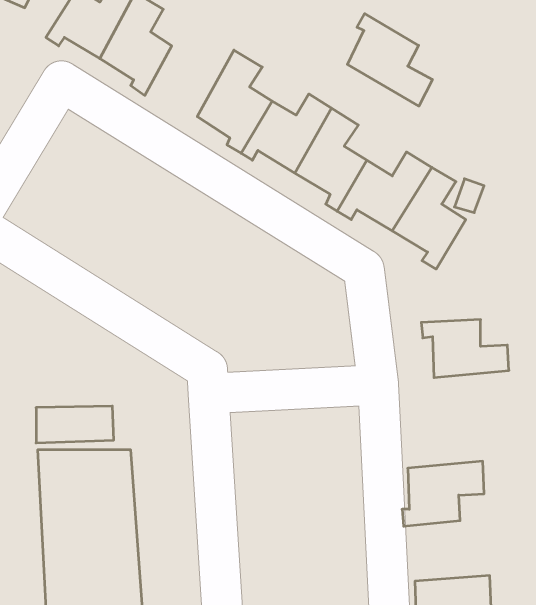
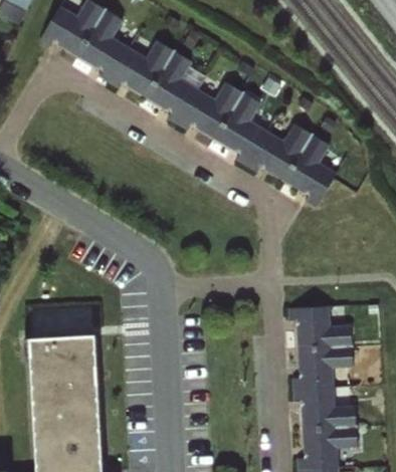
building: [347,14,432,106] -> none
building: none -> [108,40,171,97]
building: [421,320,509,378] -> [285,306,348,347]
building: none -> [291,385,353,428]

